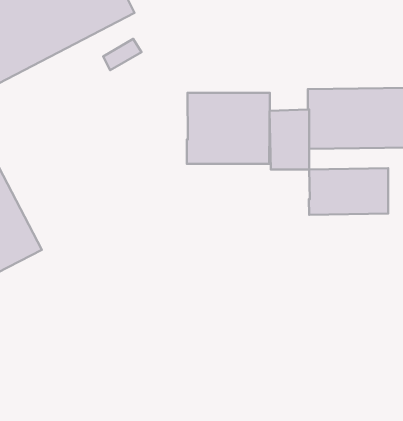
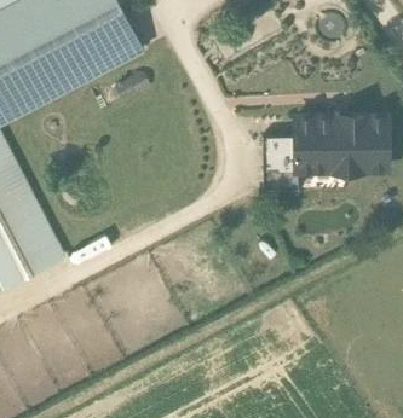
building: [187,93,270,164] -> none
building: [309,168,388,215] -> none

